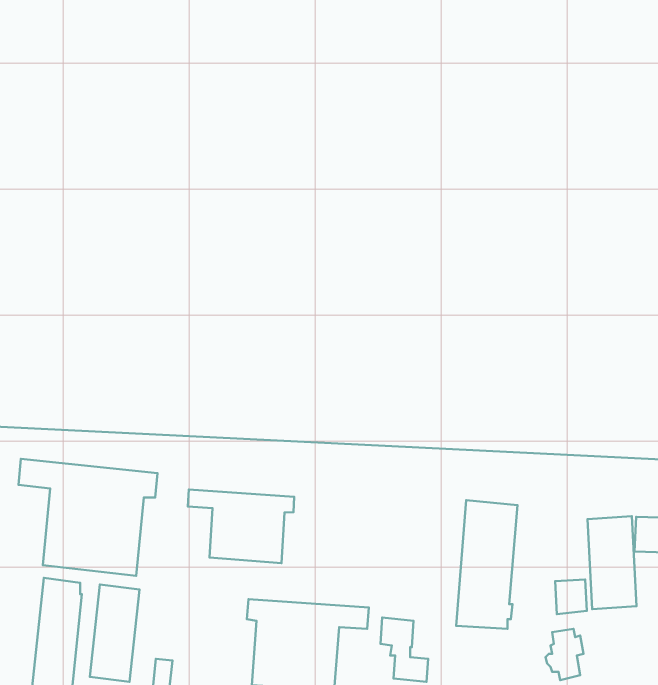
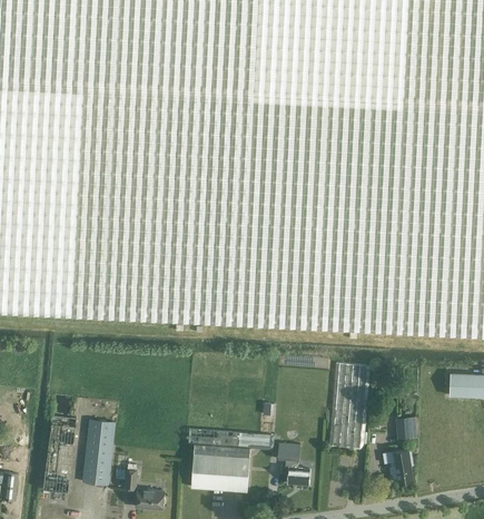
building: [18,459,158,576] -> none
building: [188,490,294,563] -> none
building: [588,516,636,609] -> none

